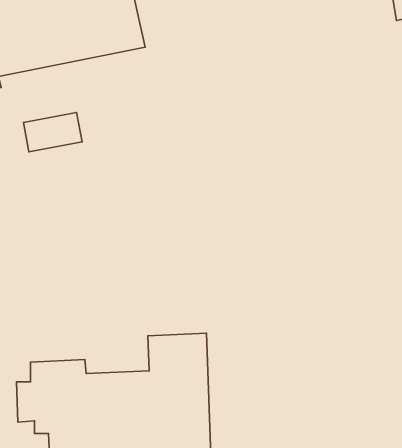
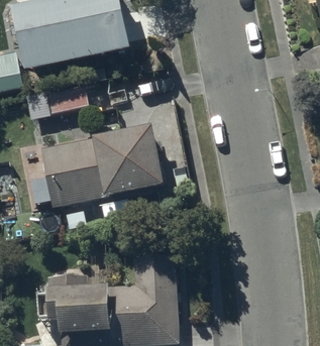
building: none -> [39,124,165,200]

